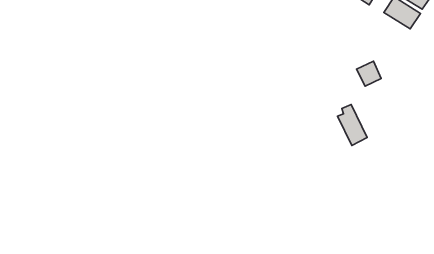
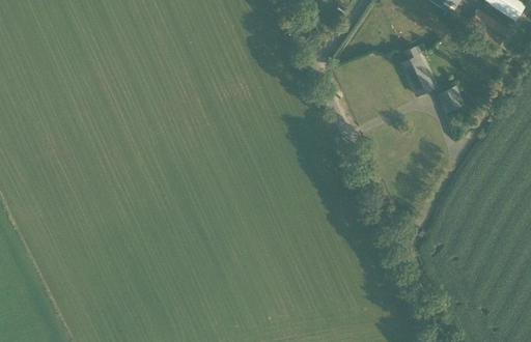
building: [337,104,367,145] -> [399,47,436,96]

